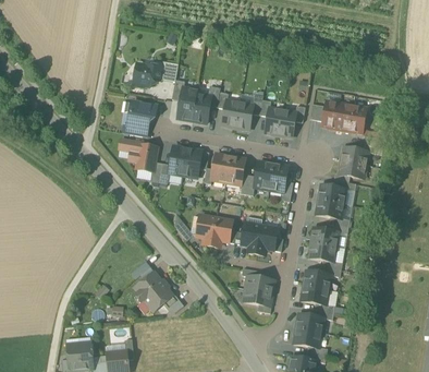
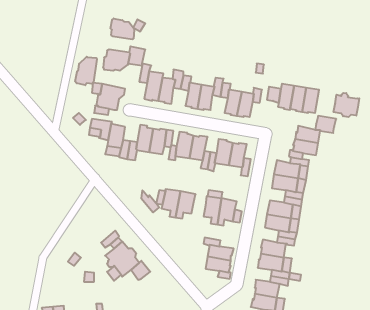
building: none -> [110,18,135,39]
building: none -> [75,57,97,85]
building: none -> [334,93,359,117]

